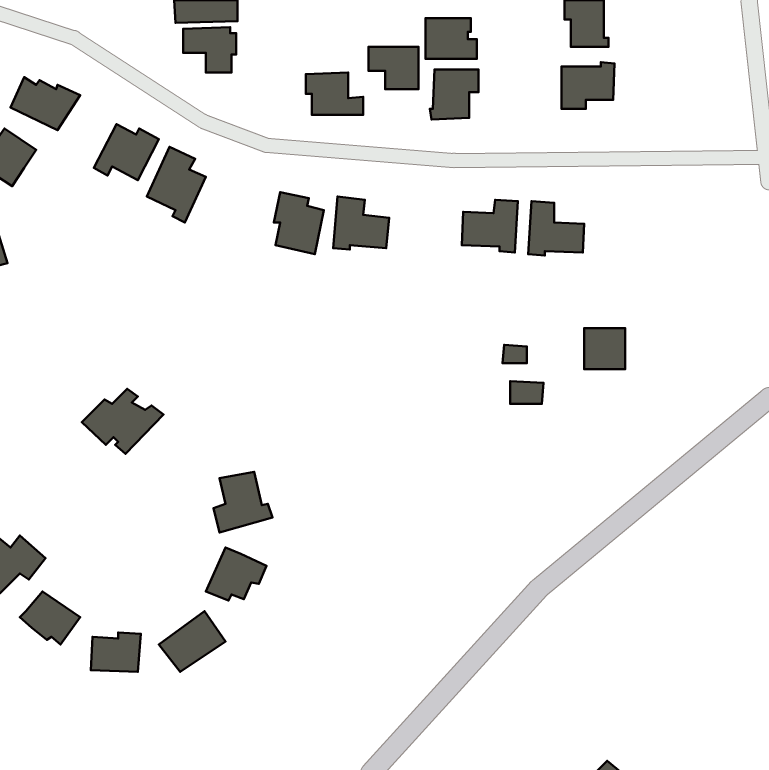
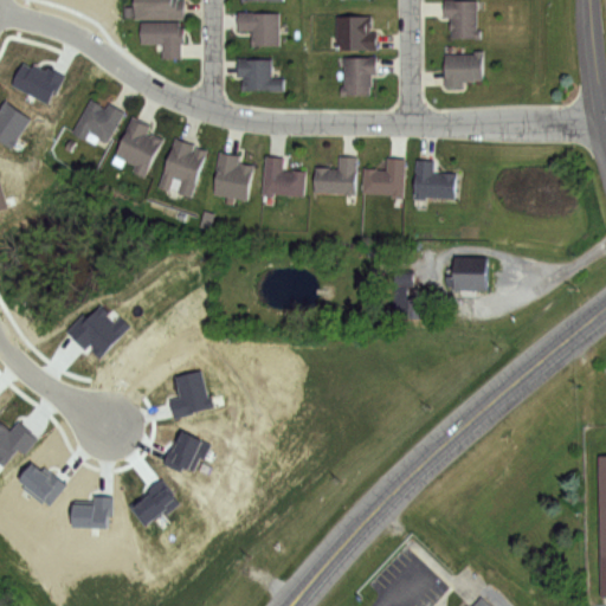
building: [368,47,418,89] -> [238,13,277,46]
building: none -> [160,138,206,198]
building: none -> [314,159,355,195]

